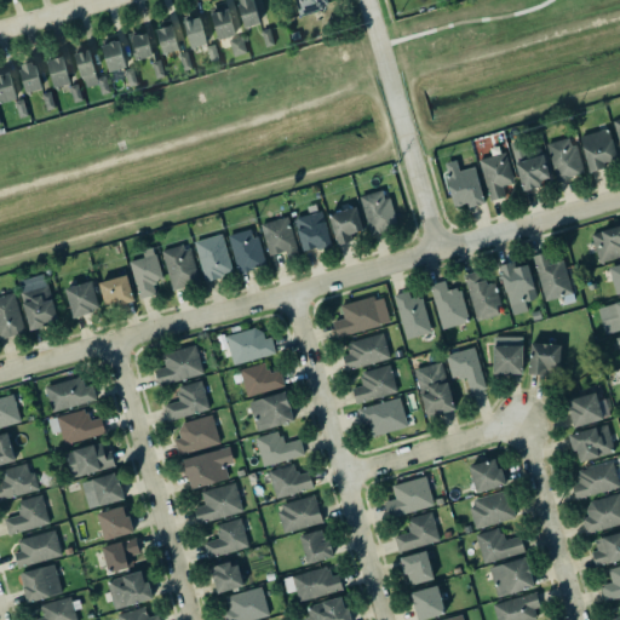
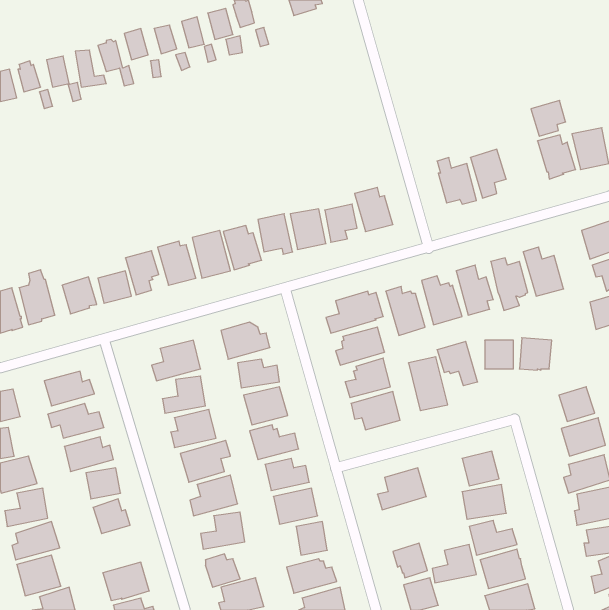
building: [515,155,550,191] -> [531,100,566,136]
building: [396,512,441,551] -> [432,545,476,583]
building: [103,538,142,573] -> none

